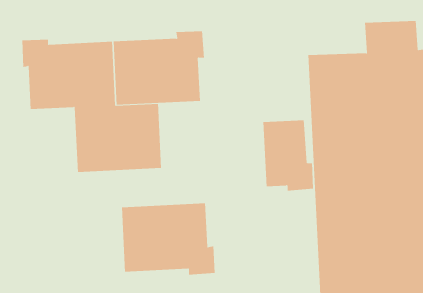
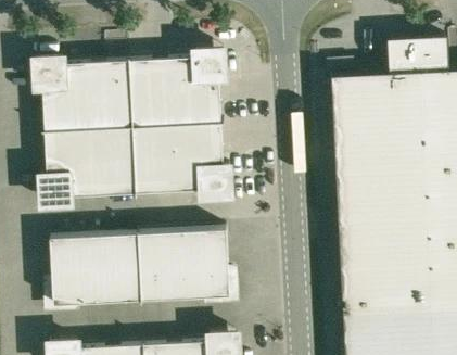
building: none -> [40,128,92,203]
building: [263,120,314,191] -> [177,122,230,195]
building: none -> [46,231,141,309]

